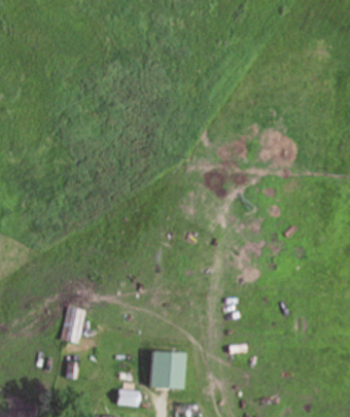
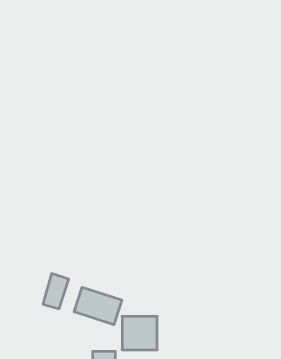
building: none -> [74,287,122,325]

